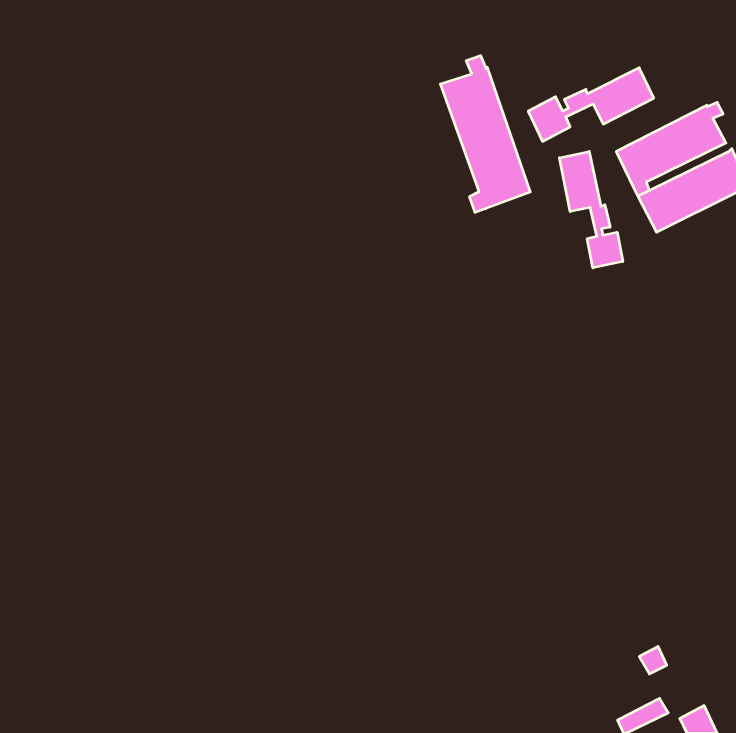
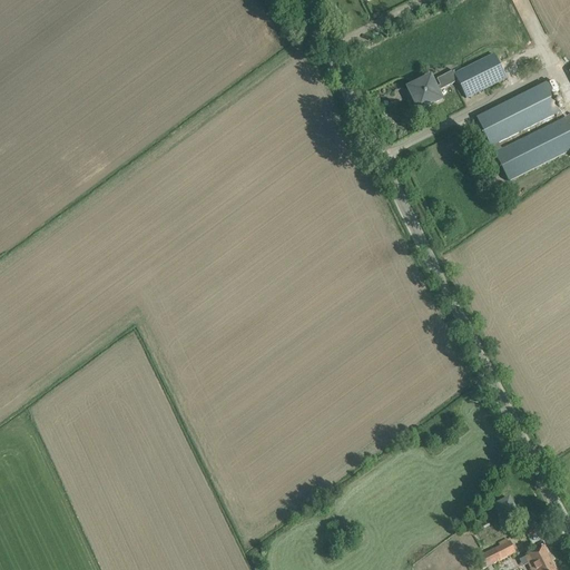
building: [440,56,530,212] -> none
building: [559,151,623,268] -> none

